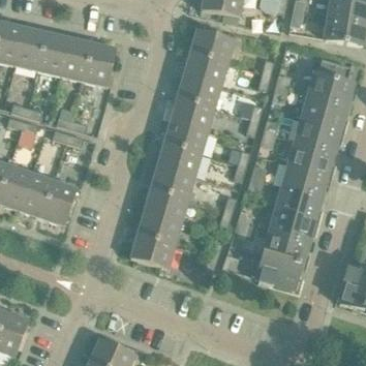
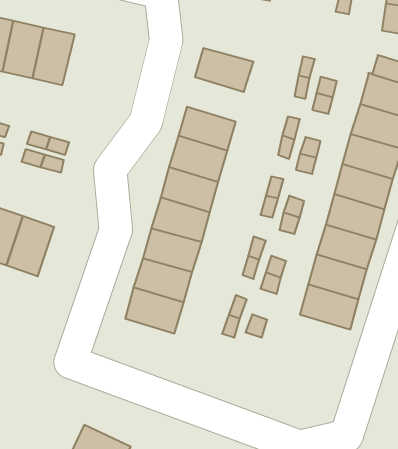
building: [190,28,235,62] -> none
building: [84,41,117,86] -> none
building: [178,73,221,108] -> none
building: [256,253,302,288] -> none

